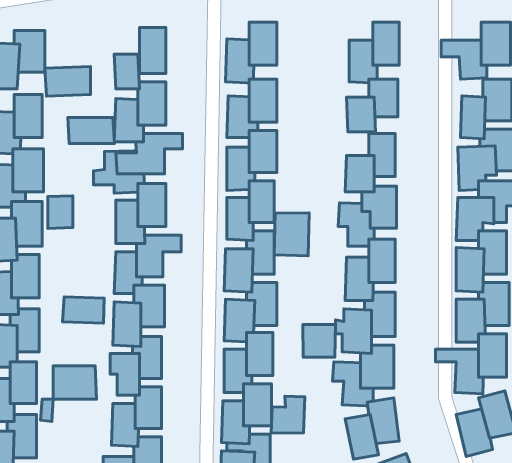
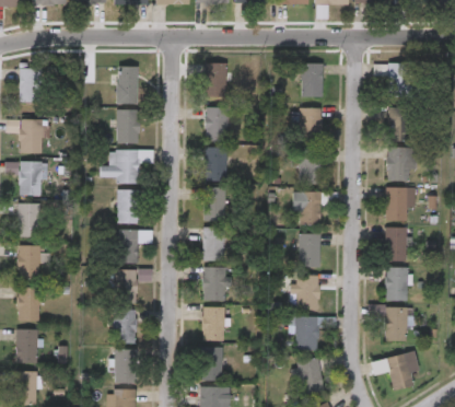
building: [45,66,91,96] -> none
building: [68,117,114,144] -> none
building: [48,196,73,228] -> none
building: [274,213,309,256] -> none
building: [63,297,104,323] -> none
building: [303,325,335,357] -> none
building: [53,366,96,399] -> none
building: [271,396,305,433] -> none

